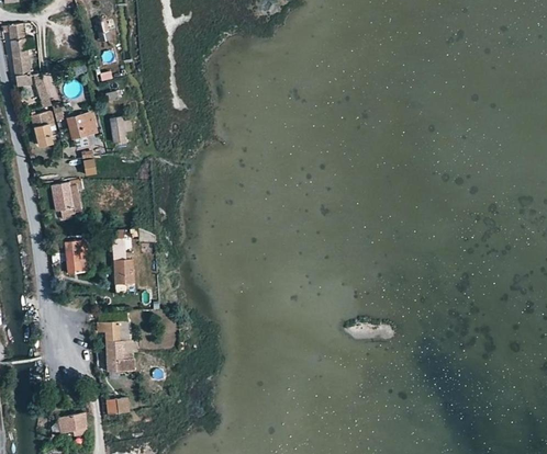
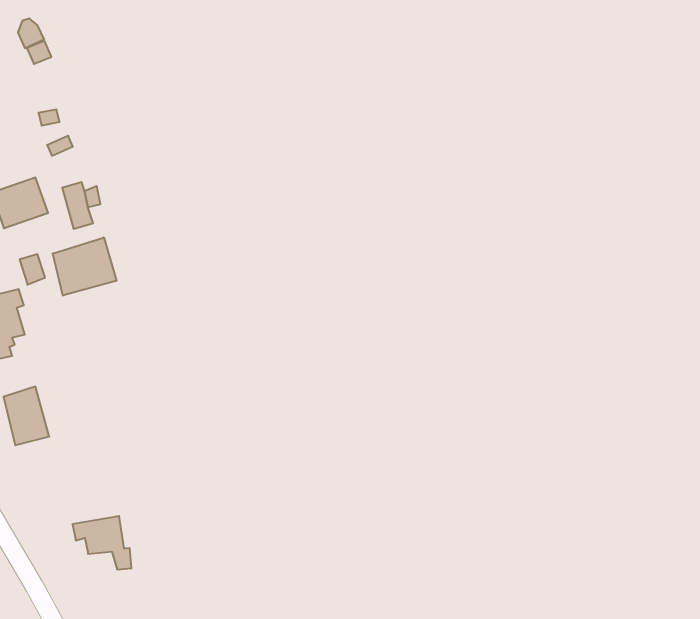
building: none -> [53,237,116,296]
building: [113,259,134,293] -> none
building: [105,341,130,371] -> none

